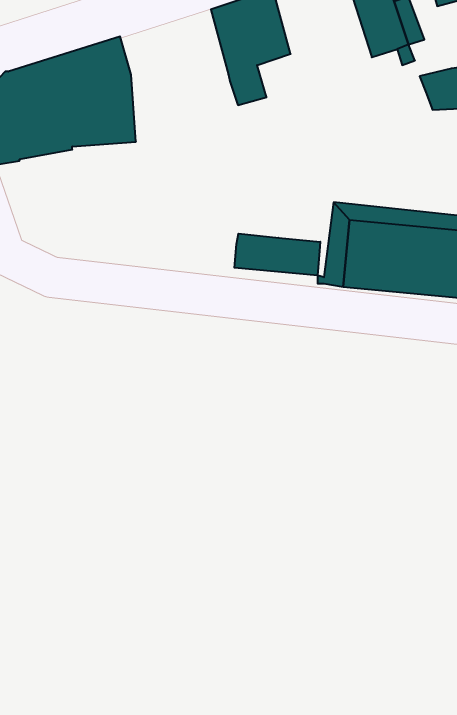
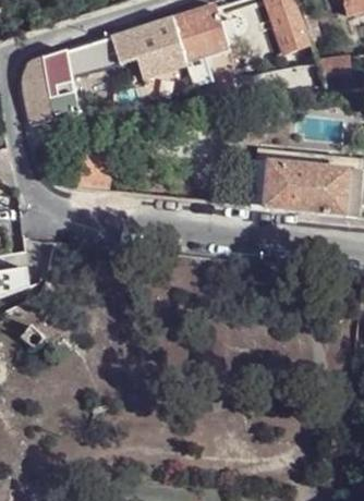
building: none -> [110,17,184,75]
building: [234,234,320,276] -> none

